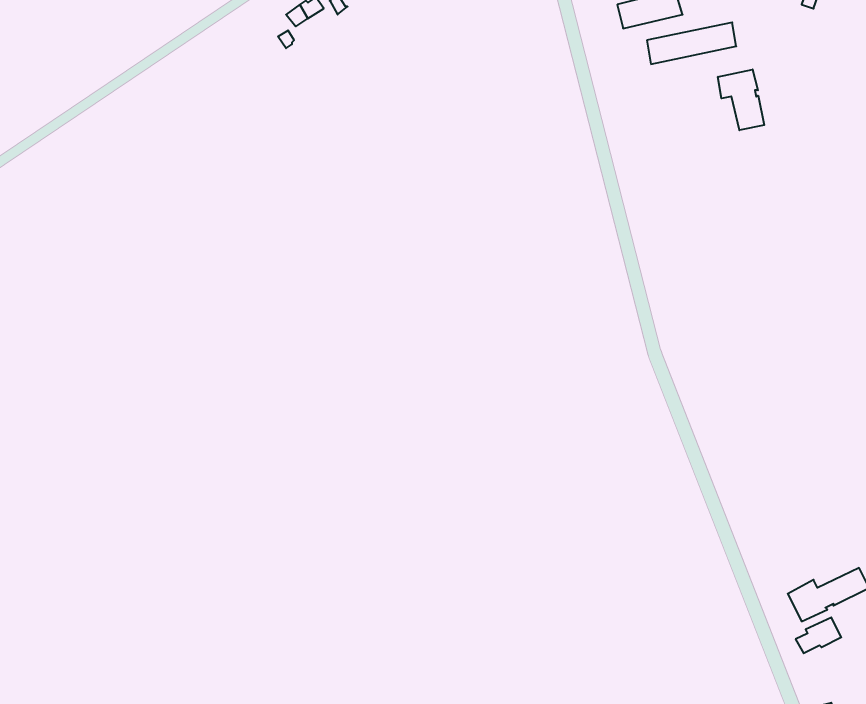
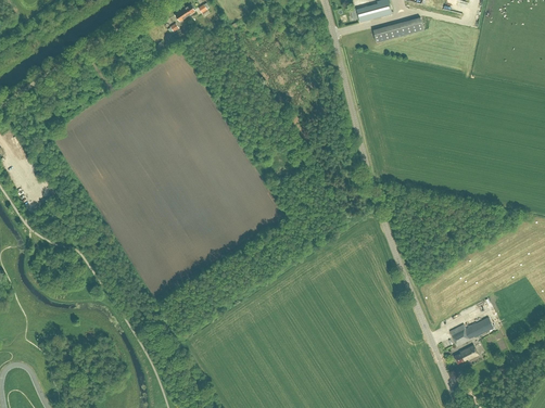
building: [718,69,764,130] -> none

